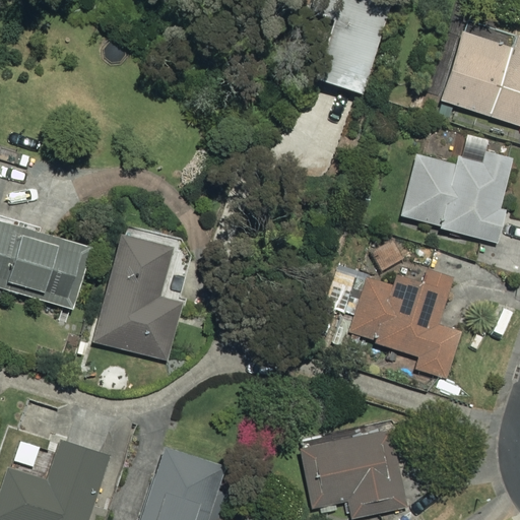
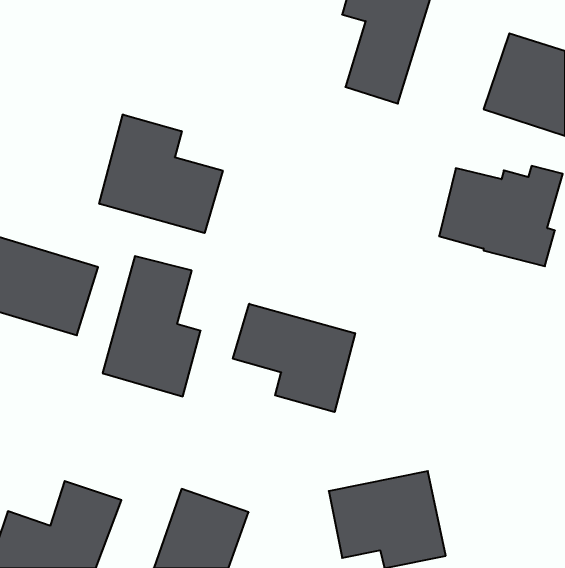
building: none -> [99,114,223,233]
building: [347,268,460,378] -> none
building: none -> [233,304,355,412]

